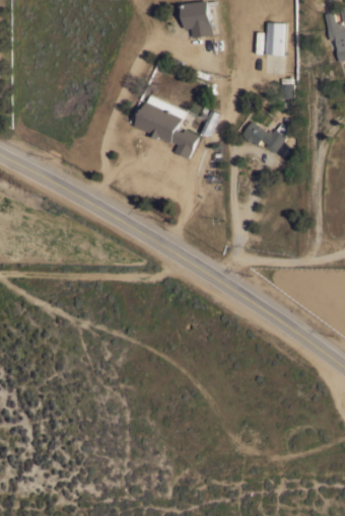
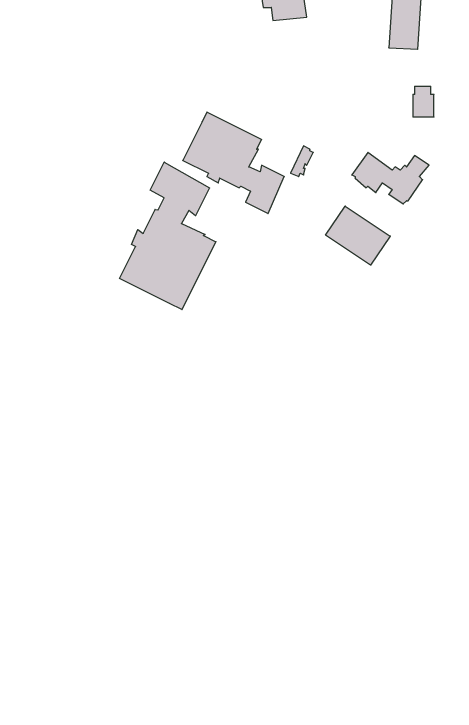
building: none -> [120,162,216,310]
building: none -> [326,206,390,265]

